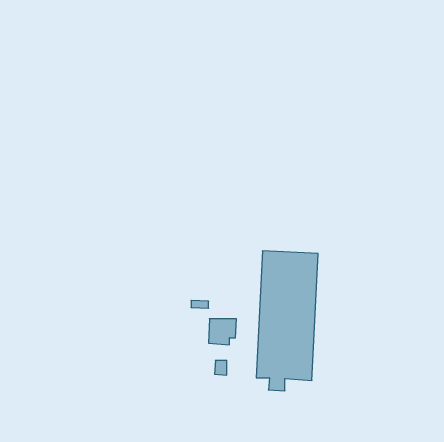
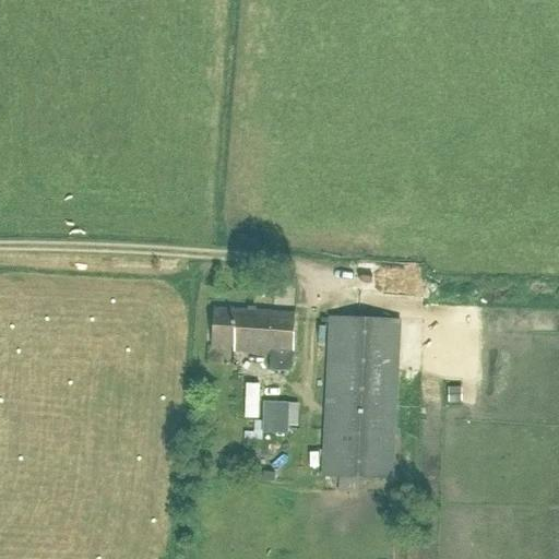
building: none -> [213,307,295,370]

